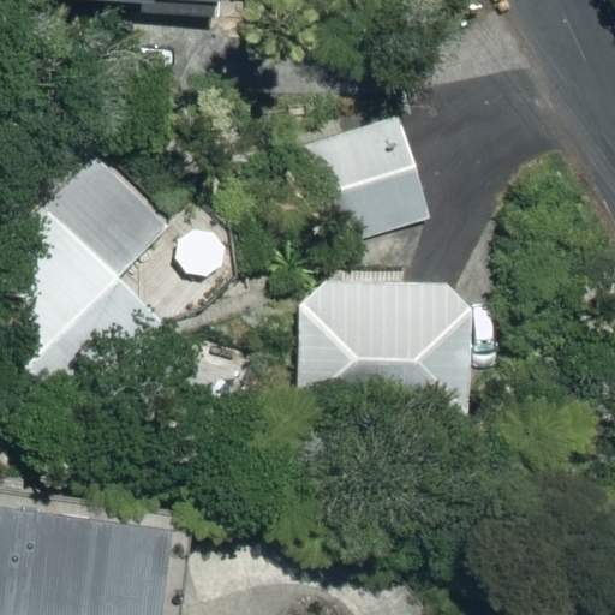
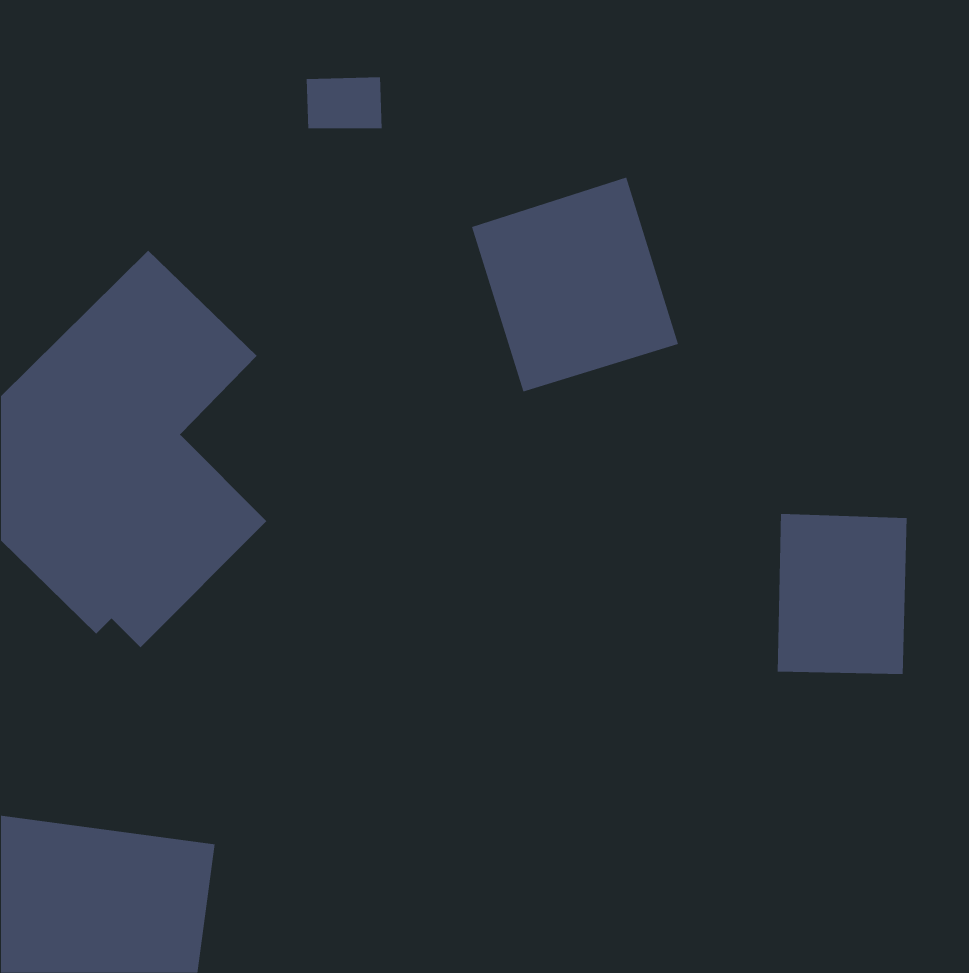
building: [301,276,462,408] -> none
building: none -> [777,513,907,675]

